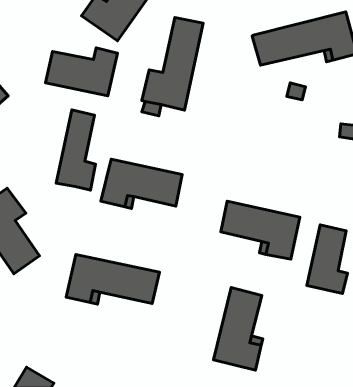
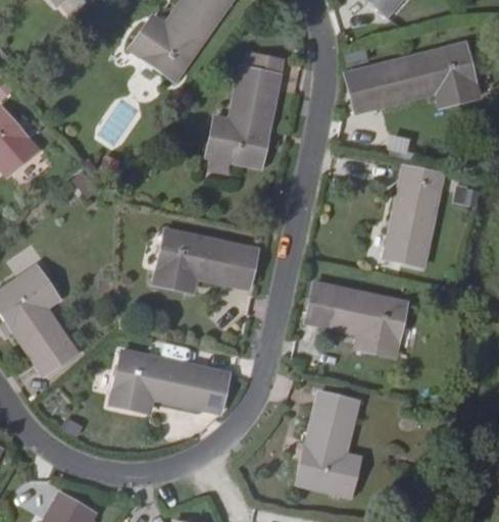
building: [45,48,117,96] -> none
building: none -> [384,166,443,264]
building: [56,110,96,190] -> none
building: [307,225,348,294] -> none

